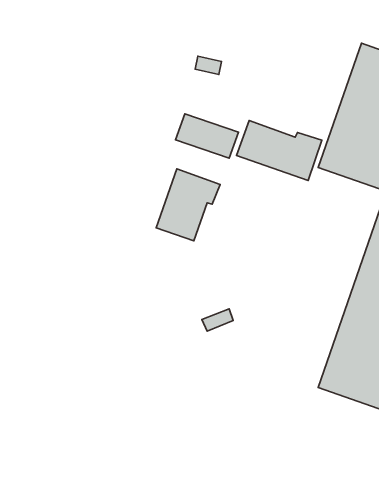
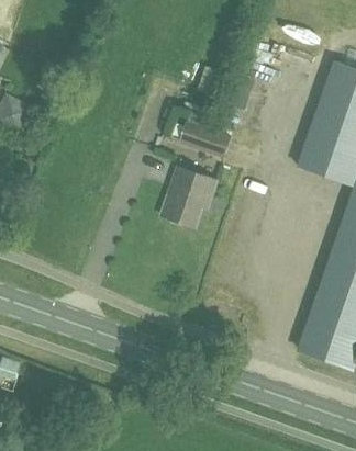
building: [236,121,322,180] -> none

